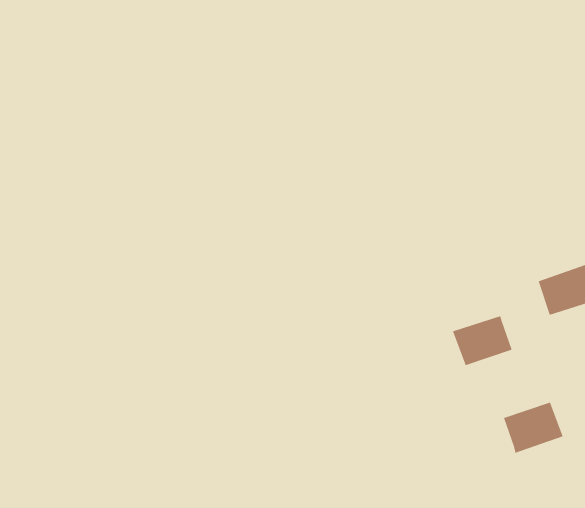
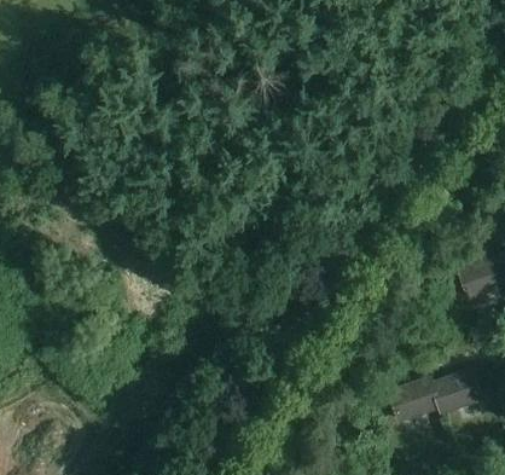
building: [452,315,512,366] -> [388,380,439,422]

